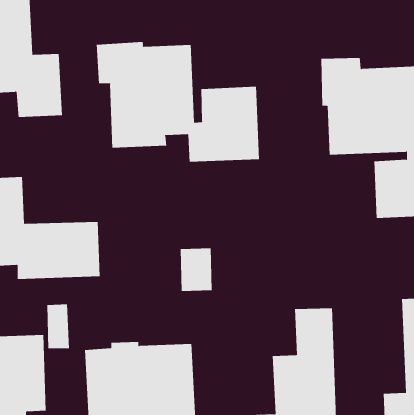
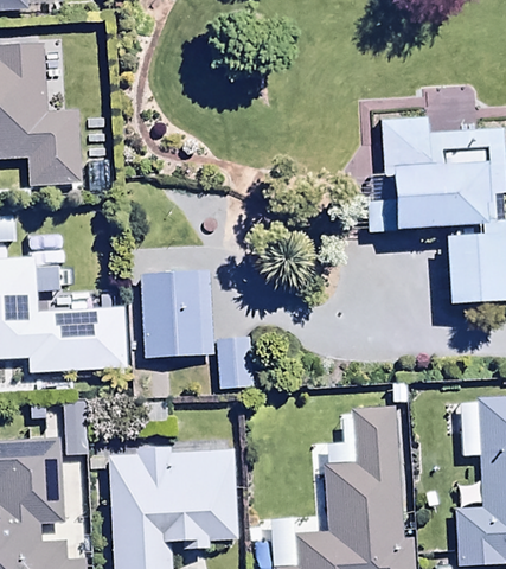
building: [96,41,260,163] -> none
building: none -> [140,270,213,358]

